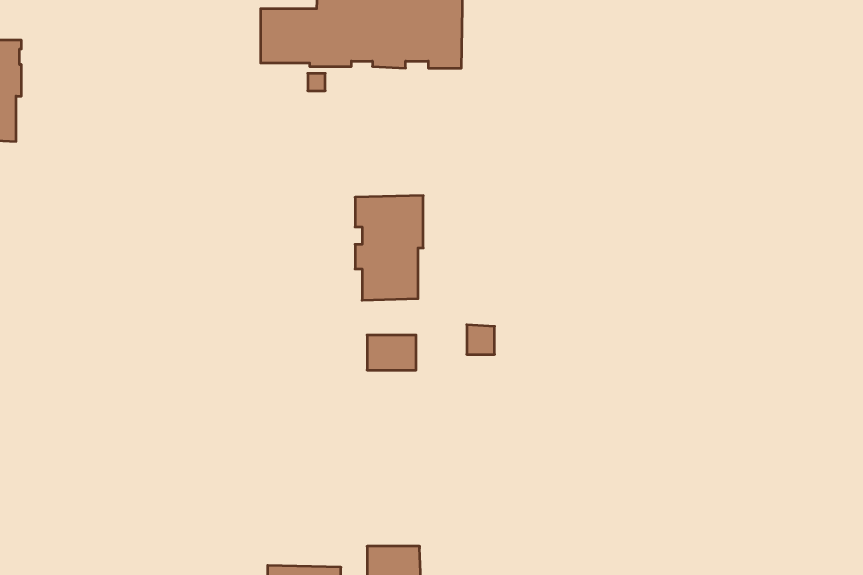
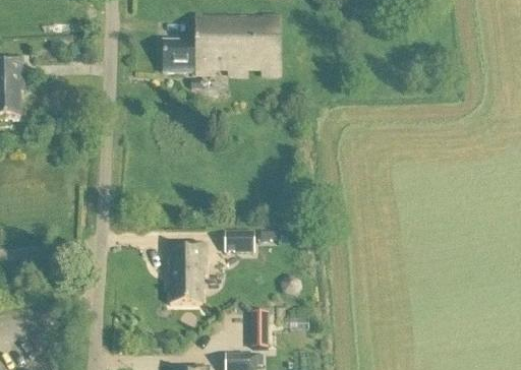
building: [355,196,423,300] -> [165,240,205,301]
building: none -> [248,308,267,346]

